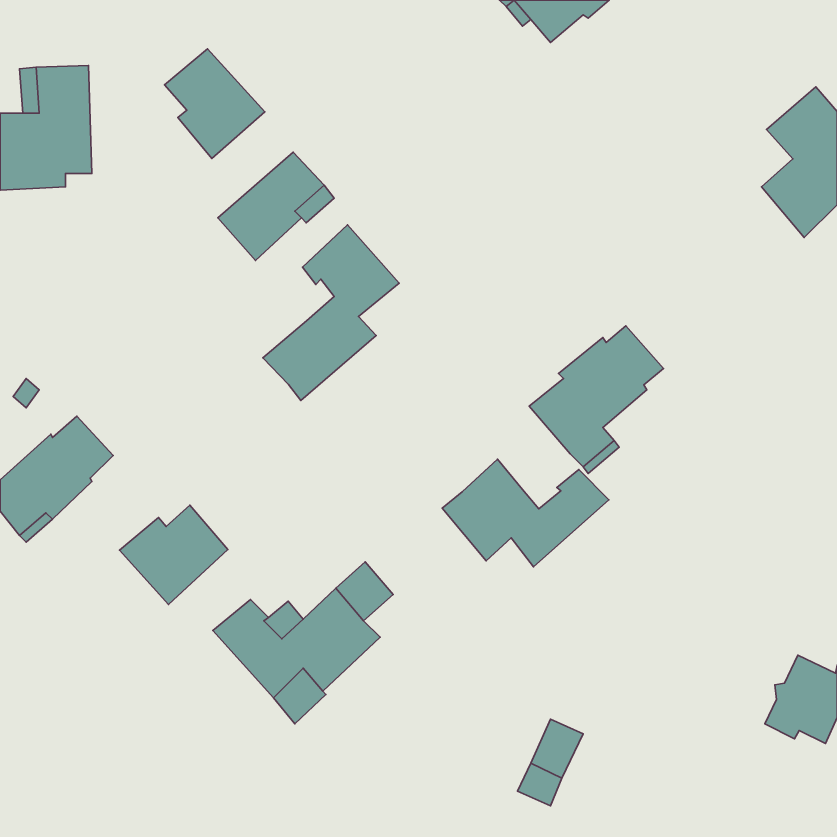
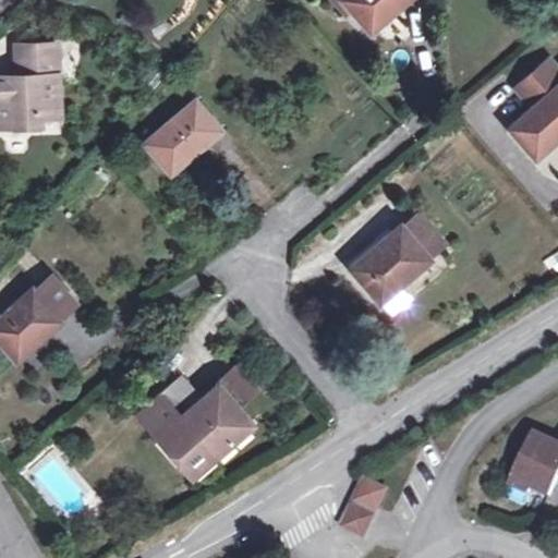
building: [165,49,265,159] -> none
building: [263,225,399,400] -> none
building: [442,459,609,567] -> none
building: [119,505,228,605] -> none

